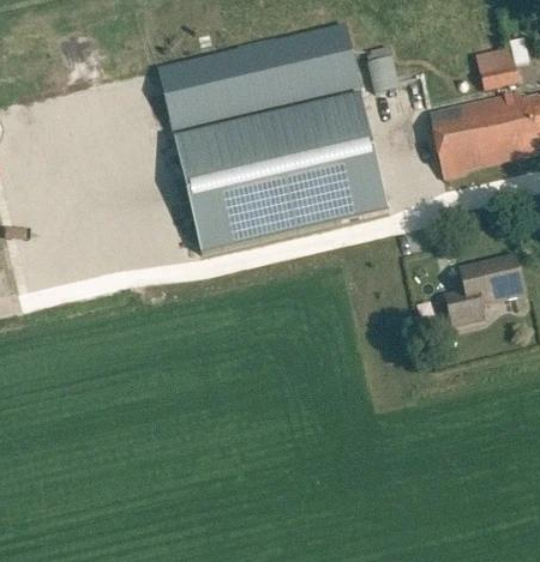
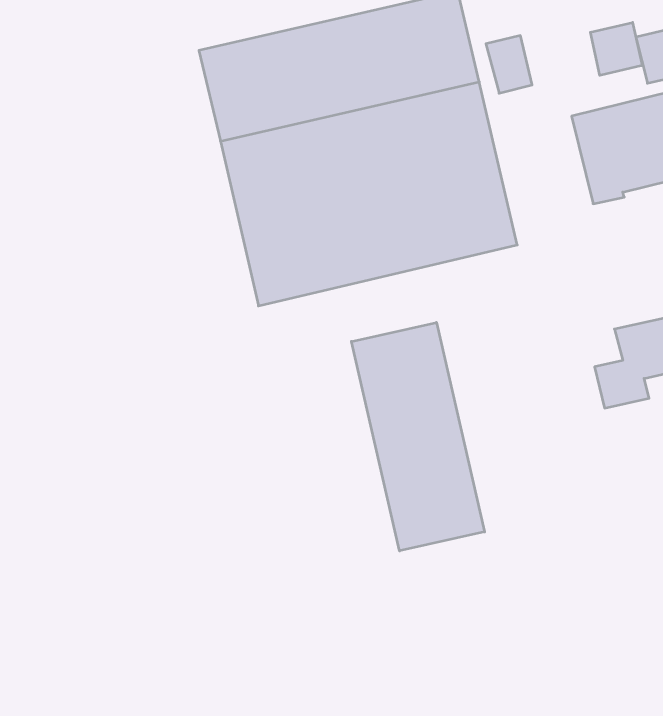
building: none -> [590,22,642,75]
building: none -> [351,322,485,551]

